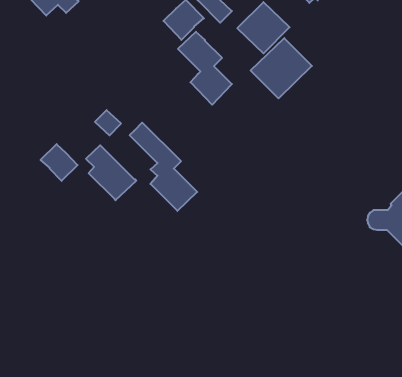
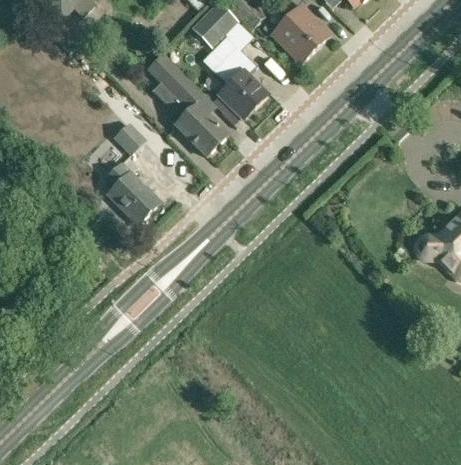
building: [251,38,312,98] -> none
building: [130,123,197,211] -> [153,57,228,155]
building: [41,144,78,181] -> none

